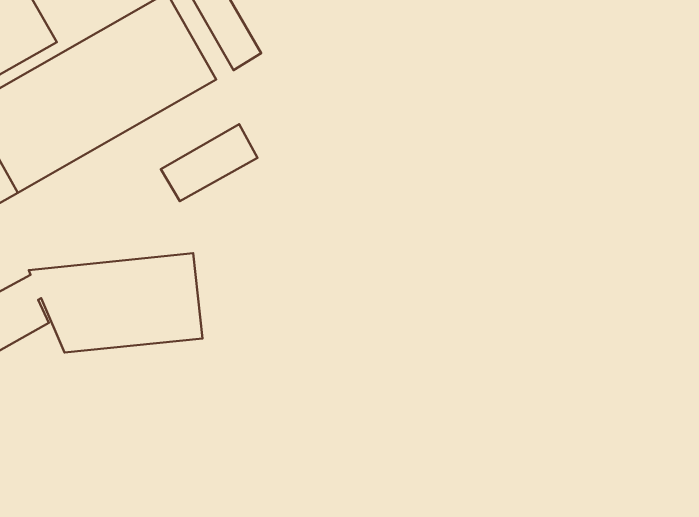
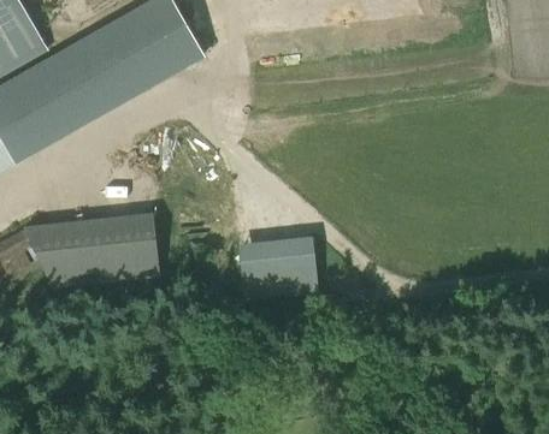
building: [161,124,257,201] -> none
building: none -> [244,233,324,291]

